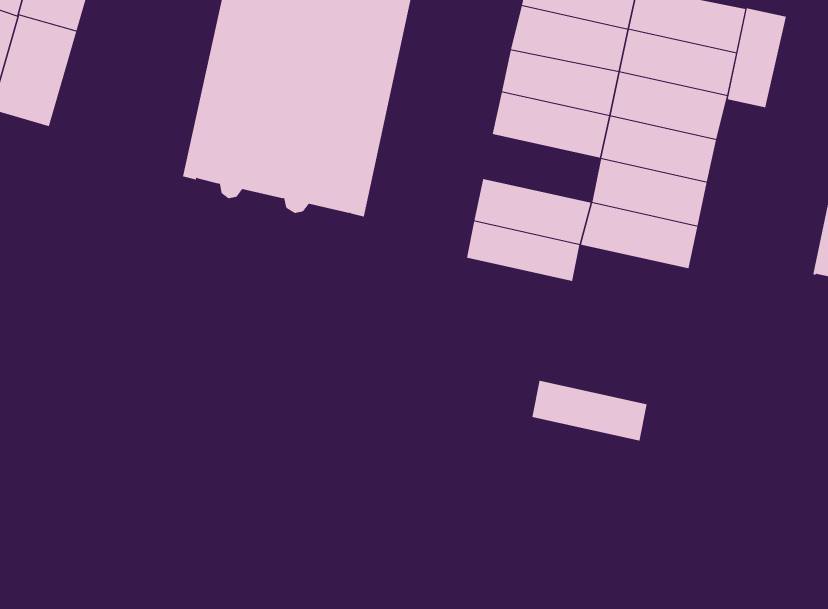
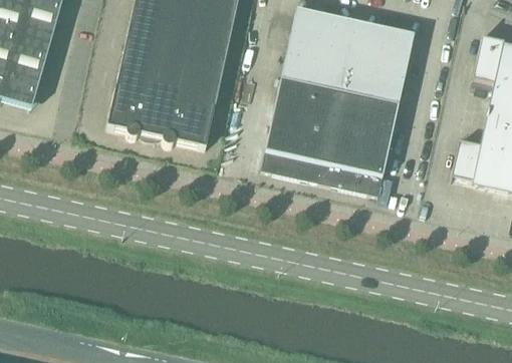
building: [727,8,786,108] -> none
building: none -> [271,101,335,138]
building: [531,380,648,441] -> [320,161,383,195]

